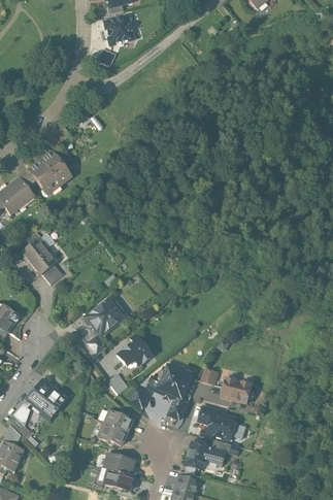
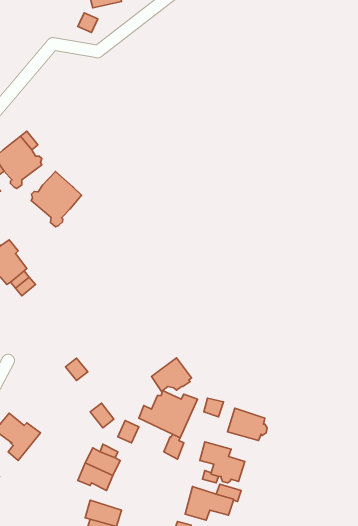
building: none -> [31,171,82,227]
building: [86,298,124,335] -> none
building: [118,337,151,365] -> [152,358,191,391]

